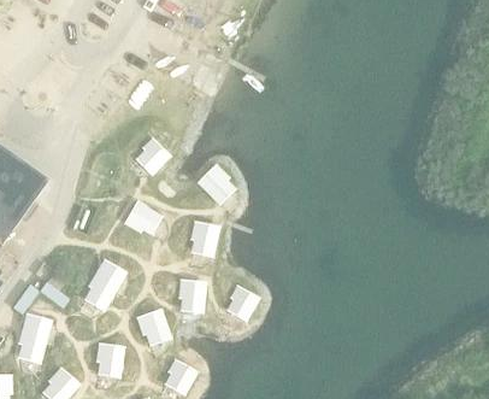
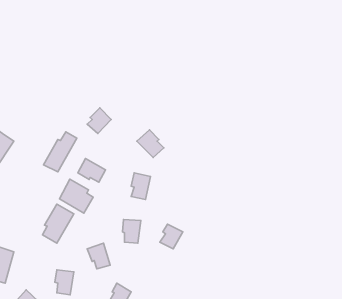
building: none -> [44,132,77,172]
building: none -> [59,179,93,213]

